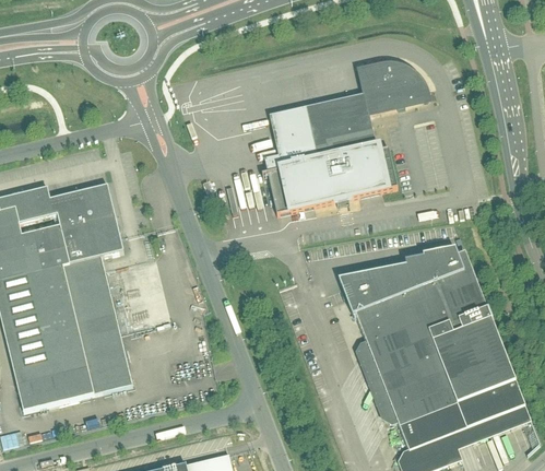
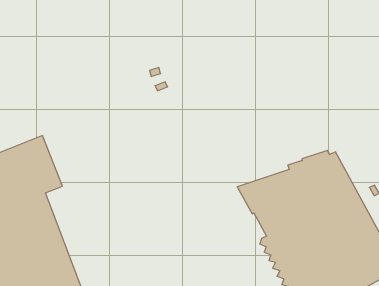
building: [260,62,427,212] -> none

